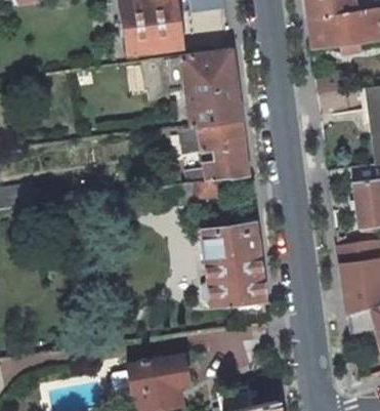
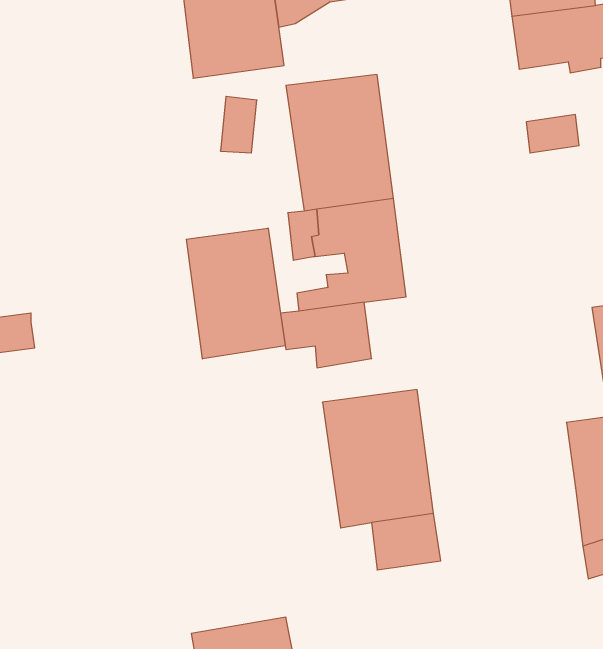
building: none -> [186,228,285,359]

